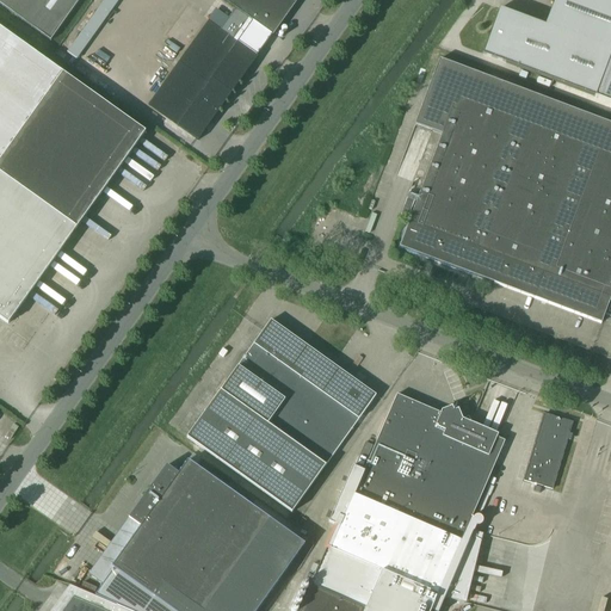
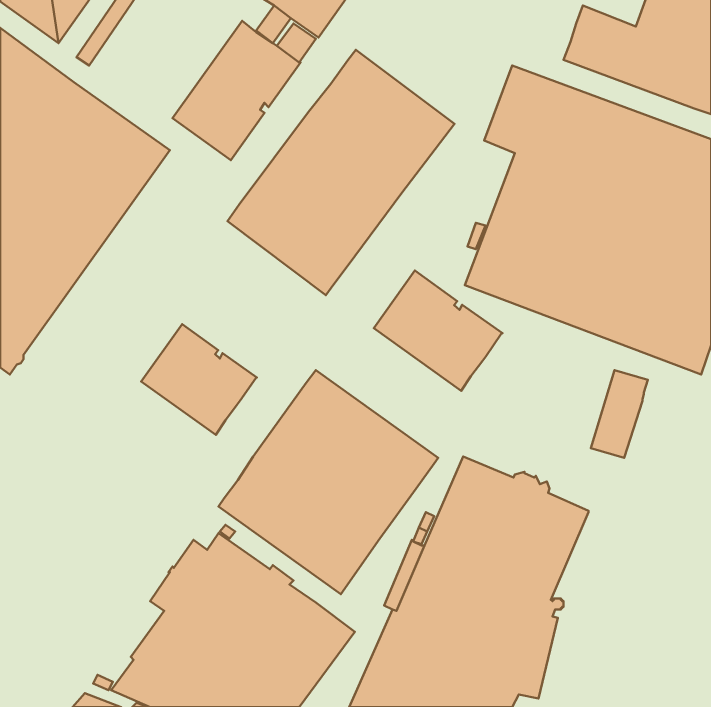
building: none -> [227,50,454,295]
building: none -> [374,271,502,391]
building: none -> [141,324,257,435]
building: [524,411,573,486] -> [591,370,648,458]

